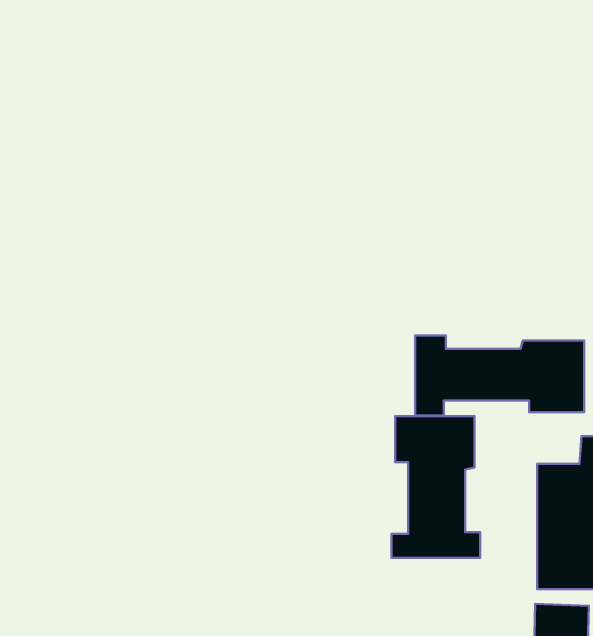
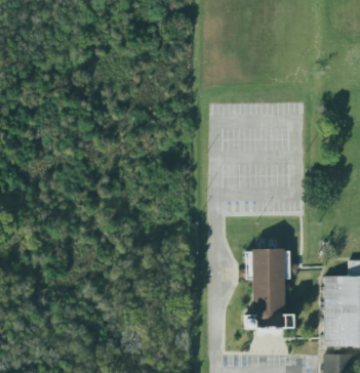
building: [415,336,584,415] -> none

